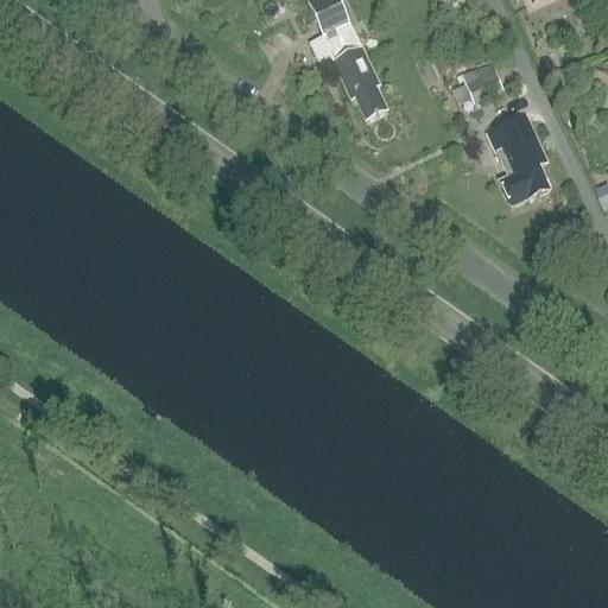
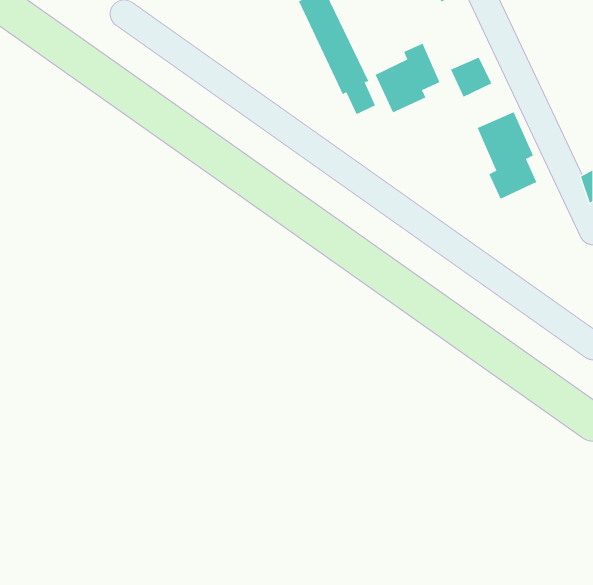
building: none -> [375,43,440,113]

